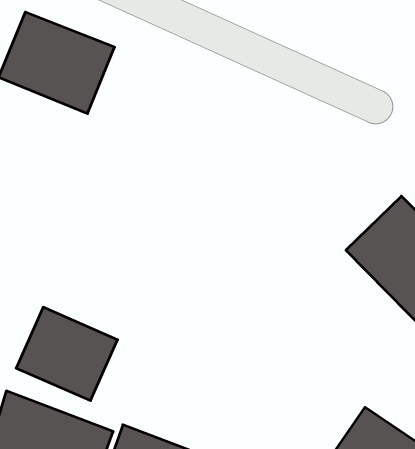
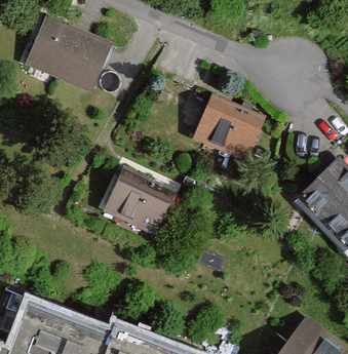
building: none -> [188,91,266,162]
building: [16,307,118,401] -> [100,166,177,237]

